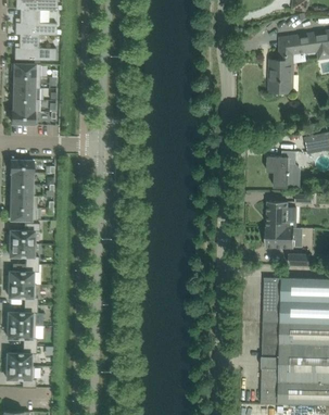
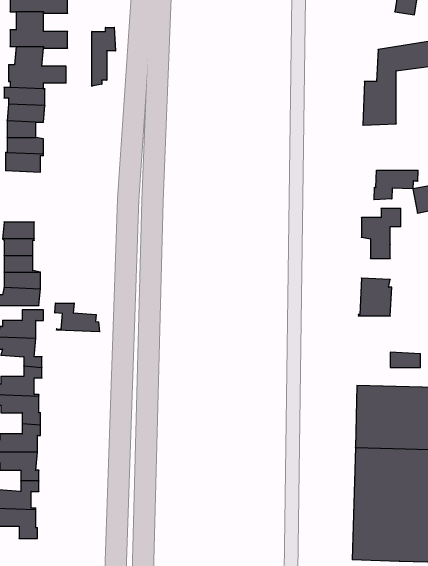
building: none -> [92,27,115,86]
building: none -> [374,170,418,200]
building: none -> [55,303,99,332]
building: [264,227,293,248] -> none

